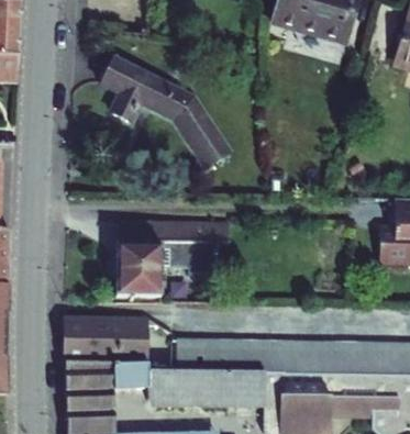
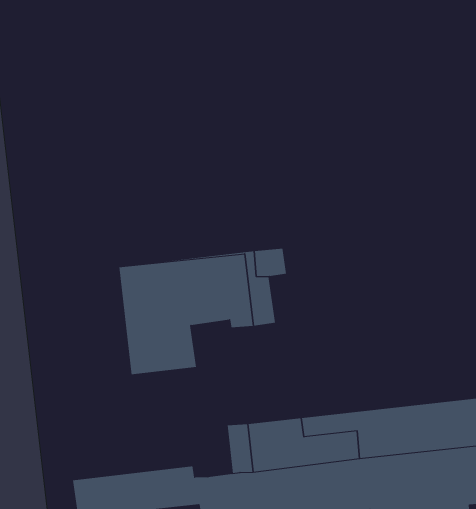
building: [99,54,224,168] -> none
building: [68,313,152,359] -> none

